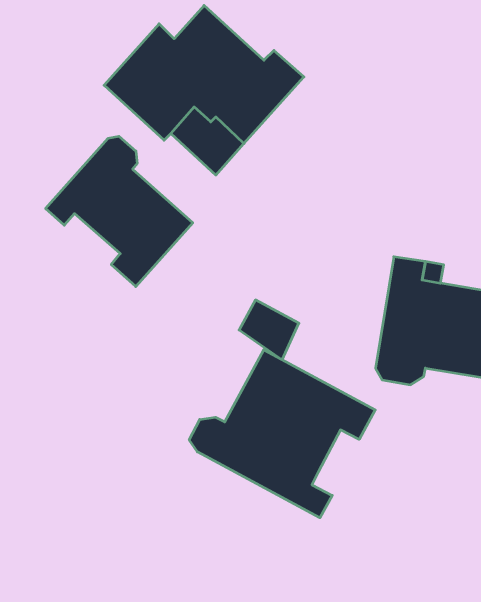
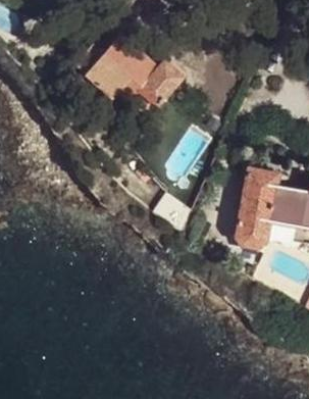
building: [46,136,193,287] -> none
building: [189,350,375,518] -> none

